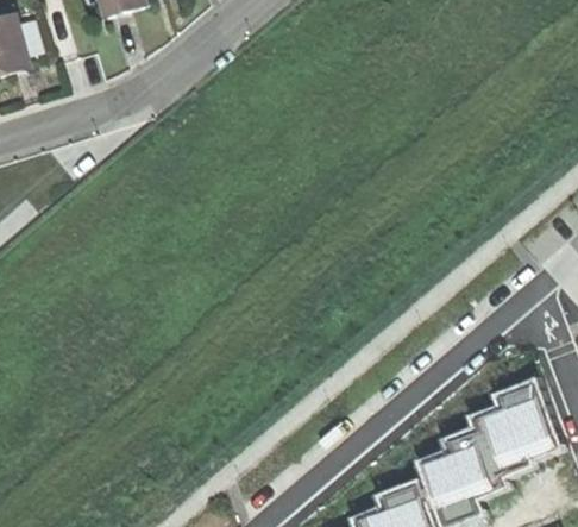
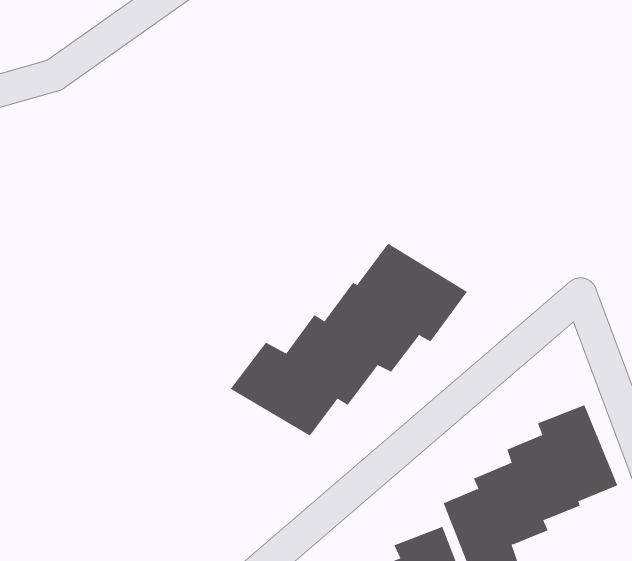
building: none -> [230,243,468,436]

